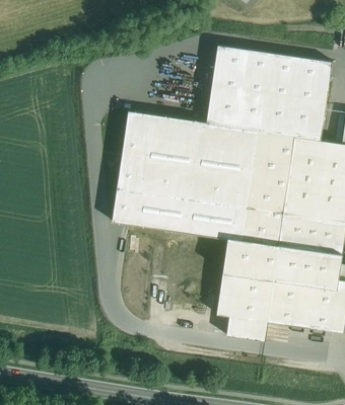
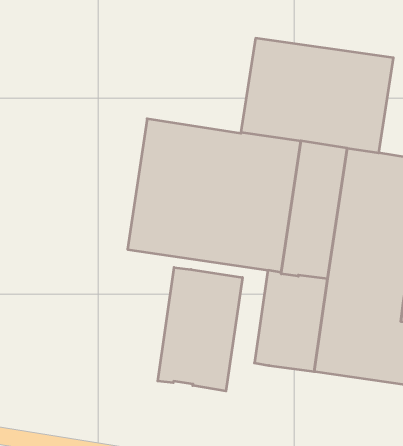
building: none -> [158,267,242,391]
building: [226,316,268,341] -> none

